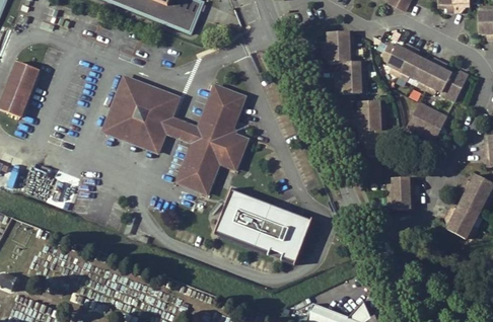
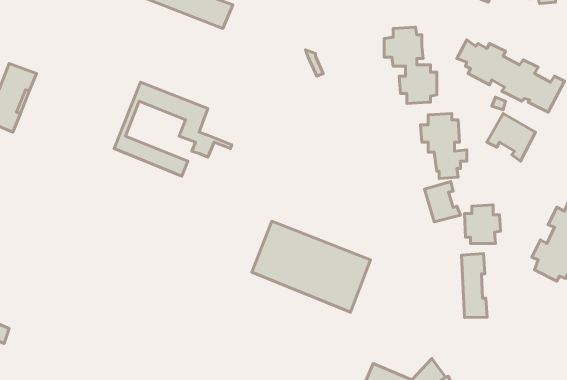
building: [177,85,248,192] -> none
building: [112,91,168,140] -> none
building: none -> [424,181,460,222]
building: none -> [462,254,487,317]

